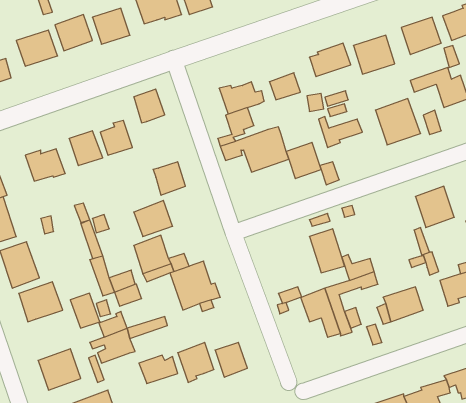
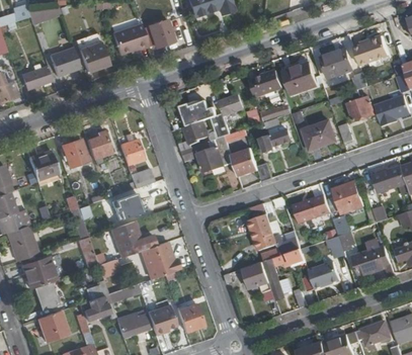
building: [134,89,165,123] -> [119,139,144,165]
building: none -> [294,195,330,224]
building: [70,293,100,328] -> [35,281,59,308]

